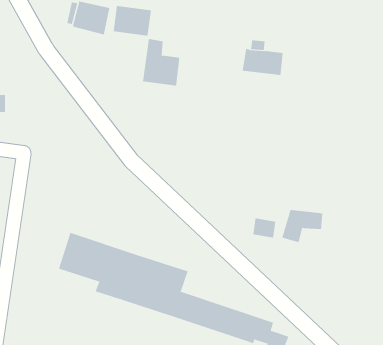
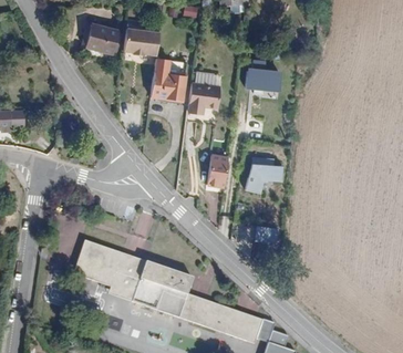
building: none -> [188,82,221,113]
building: none -> [207,154,229,188]
building: [282,209,323,243] -> [245,163,283,194]

